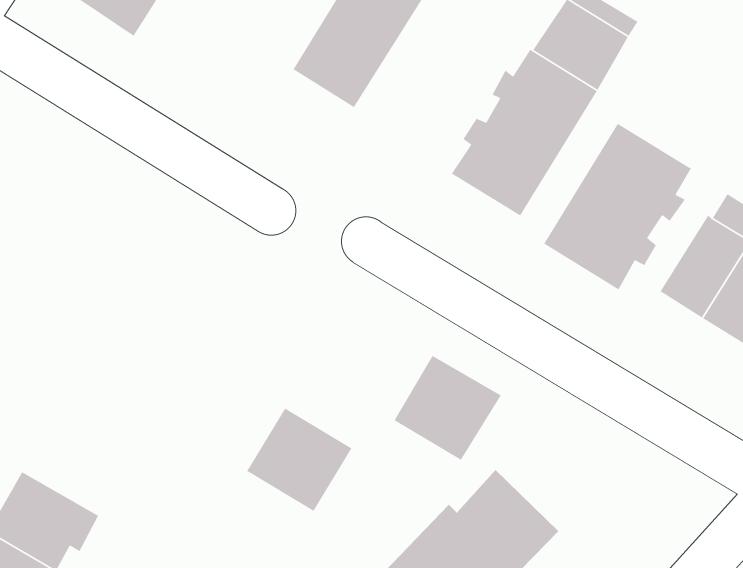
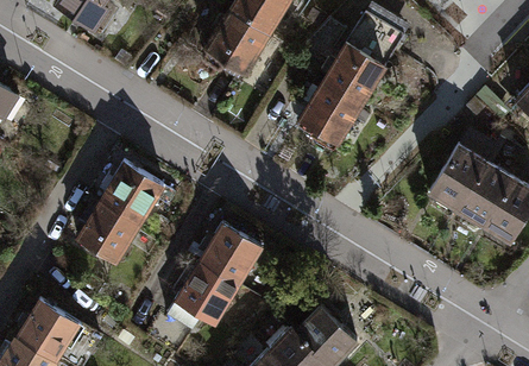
building: [543,123,692,291] -> none
building: none -> [71,159,165,270]
building: [394,355,502,461] -> [195,222,262,288]

